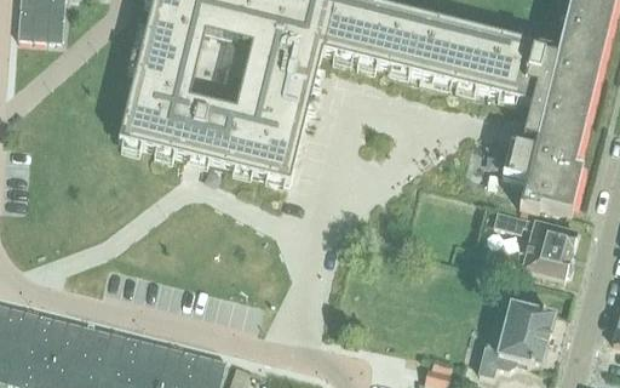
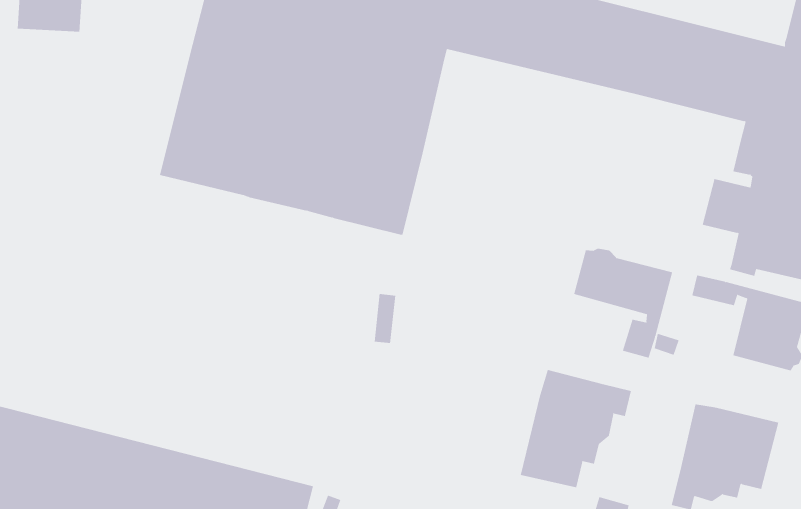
building: none -> [574,248,673,358]
building: none -> [520,369,632,488]

